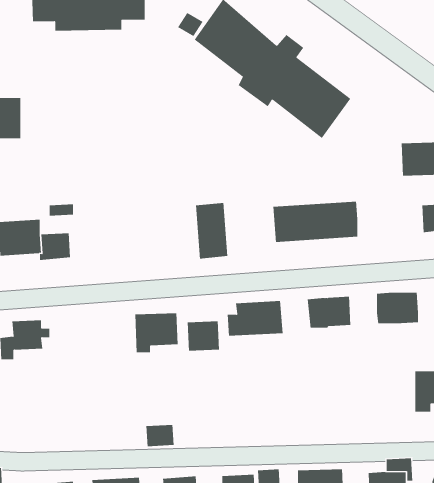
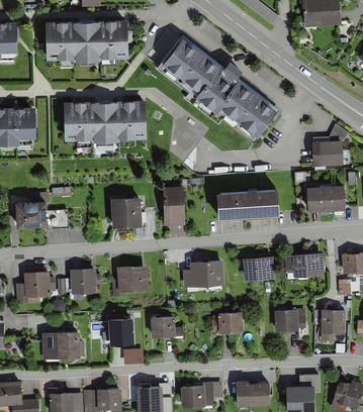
building: none -> [61,104,145,142]
building: none -> [308,189,328,212]
building: none -> [113,198,146,226]
building: none -> [66,270,102,293]
building: [187,321,220,351] -> [151,316,175,338]
building: none -> [274,309,308,332]
building: none -> [219,310,244,331]
building: none -> [103,319,135,342]
building: none -> [42,331,81,358]

